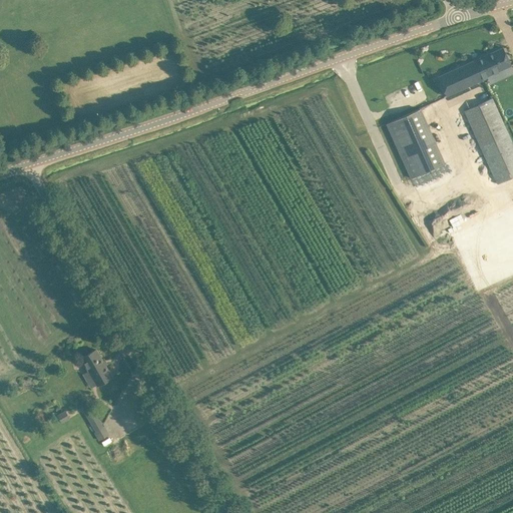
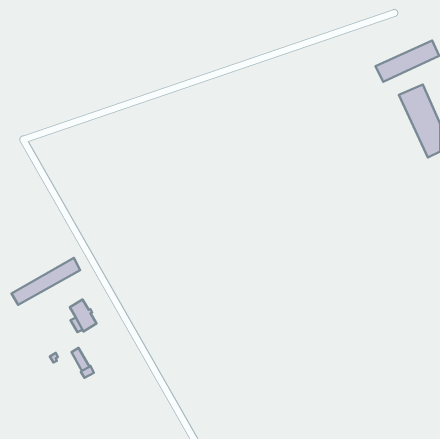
building: [386,109,445,179] -> none
building: none -> [12,258,80,305]

